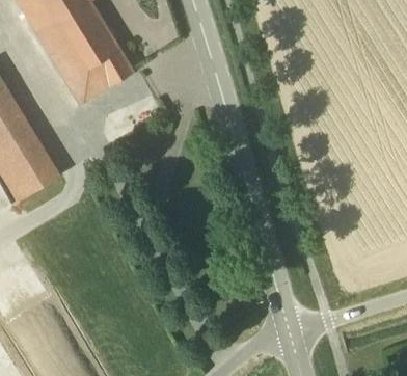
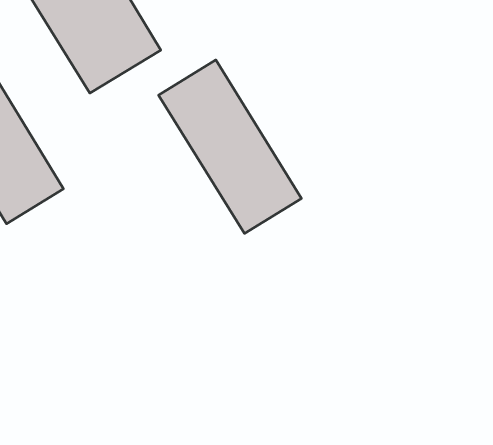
building: none -> [159,60,301,234]

